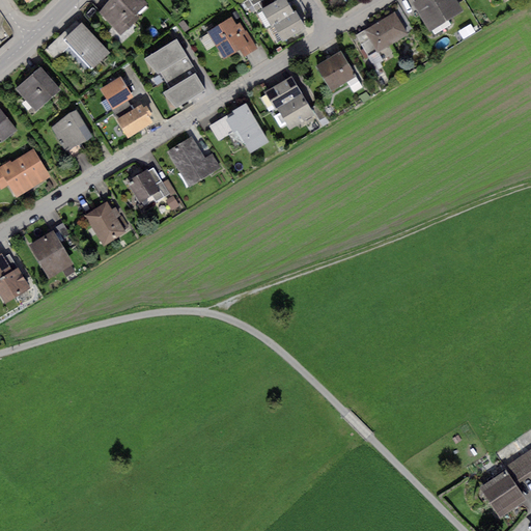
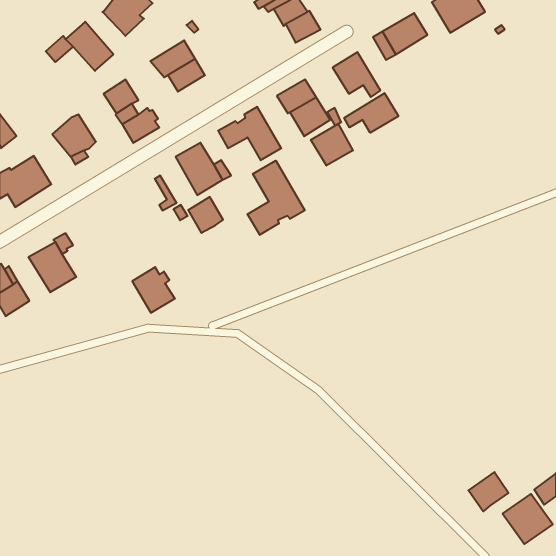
building: [205,16,257,60] -> none
building: [15,65,60,111] -> none
building: [161,72,205,107] -> none
building: none -> [344,93,398,133]
building: none -> [311,124,353,166]
building: none -> [247,161,305,235]
building: [125,168,159,202] -> [188,197,223,233]
building: [84,201,124,245] -> [132,267,175,313]
building: none -> [468,472,508,511]

